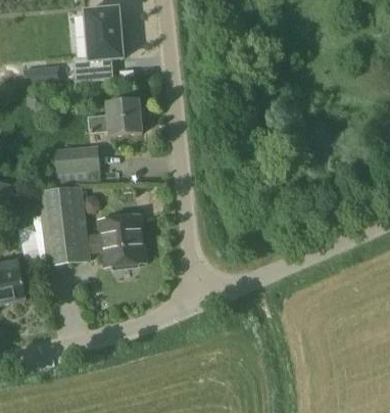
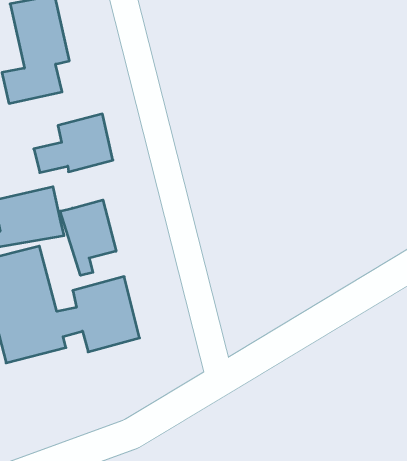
building: none -> [60,200,116,275]

